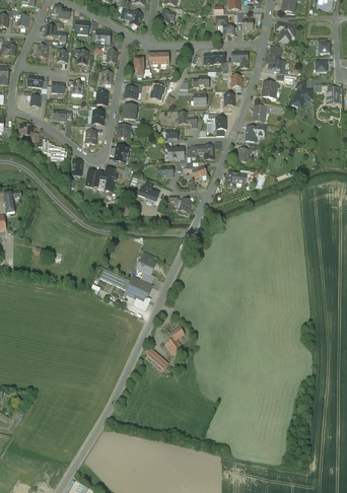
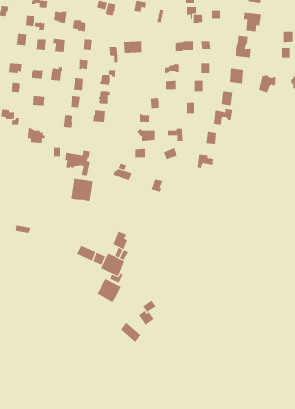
building: none -> [71,178,93,202]
building: none -> [97,278,121,303]

